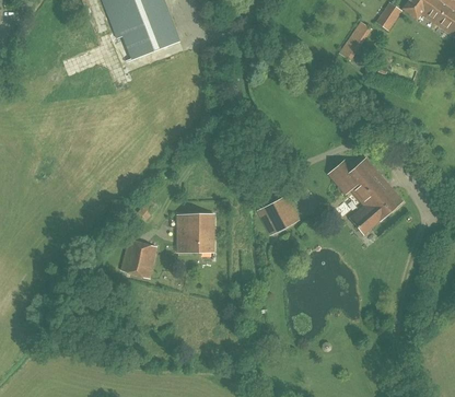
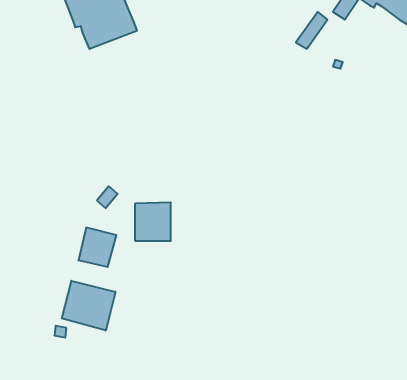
building: [330,157,401,233] -> none
building: [259,195,300,233] -> none
building: none -> [62,281,115,331]

